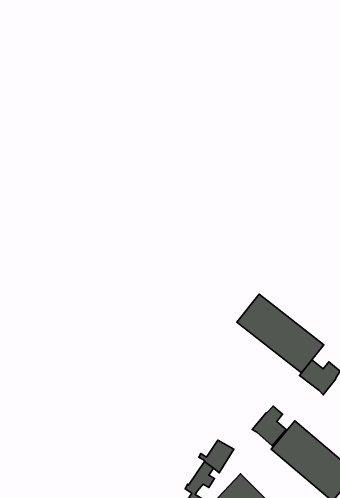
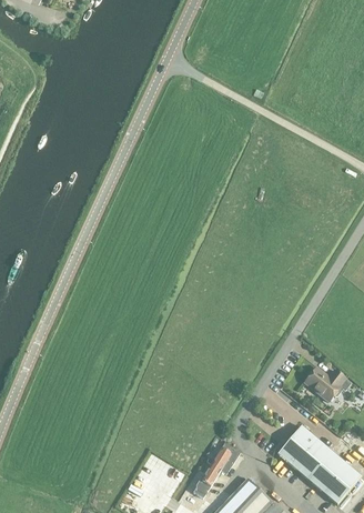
building: [237,294,324,373] -> none
building: [252,406,286,446] -> none

